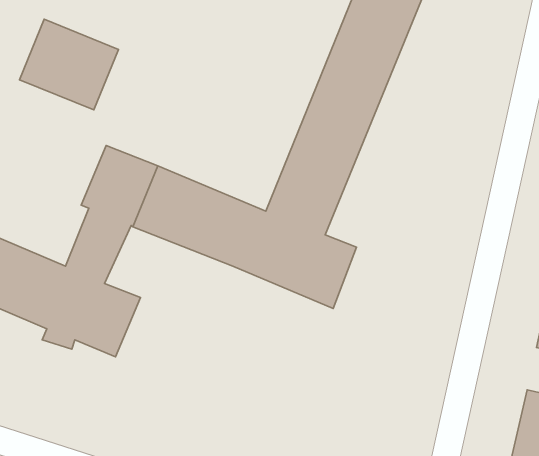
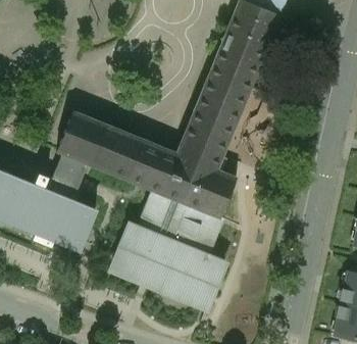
building: [19,19,118,110] -> none
building: none -> [113,191,225,305]

